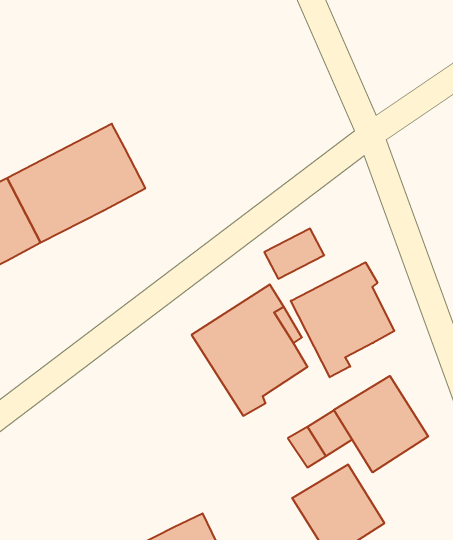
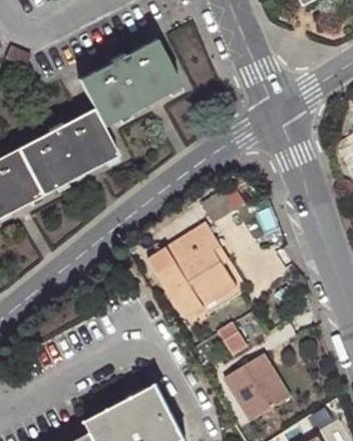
building: none -> [79,40,179,125]
building: [291,262,394,377] -> none
building: [334,376,428,472] -> none

